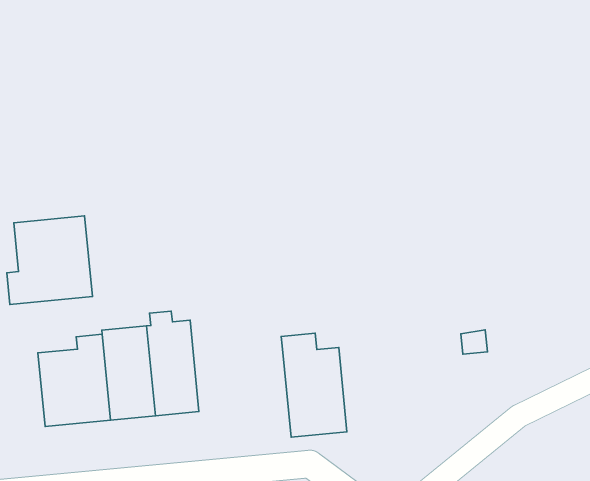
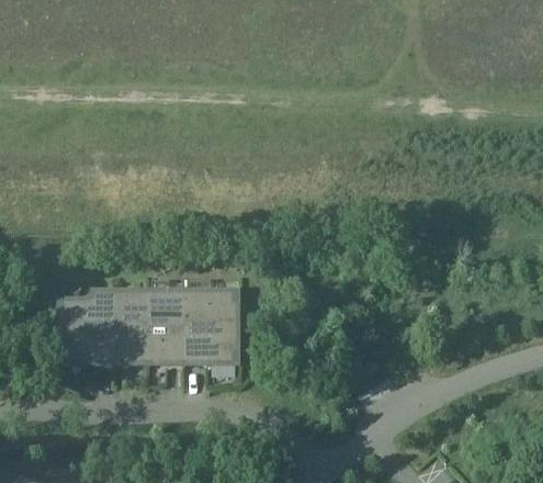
building: [7,216,92,305] -> none
building: [281,333,347,437] -> [189,281,234,362]

